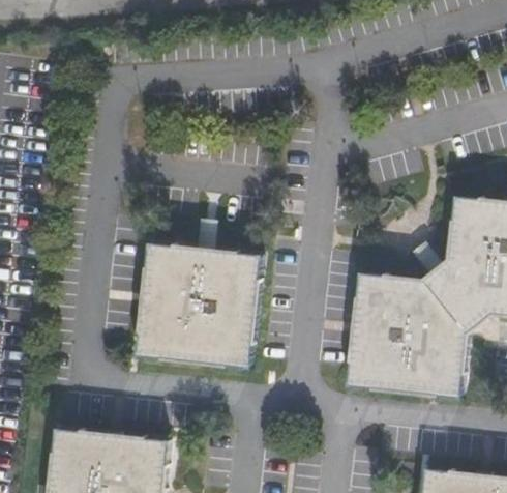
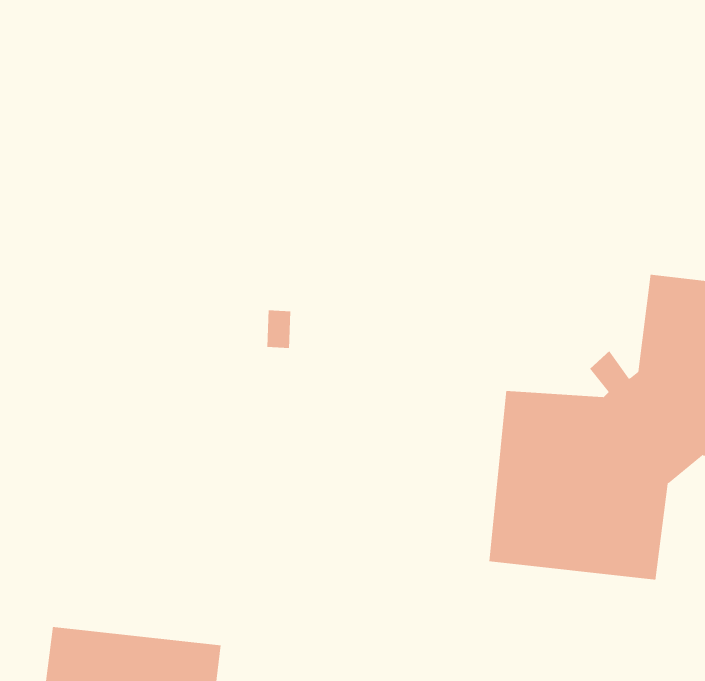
building: [136,244,263,369] -> none

